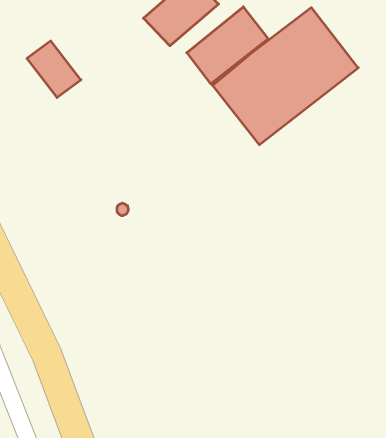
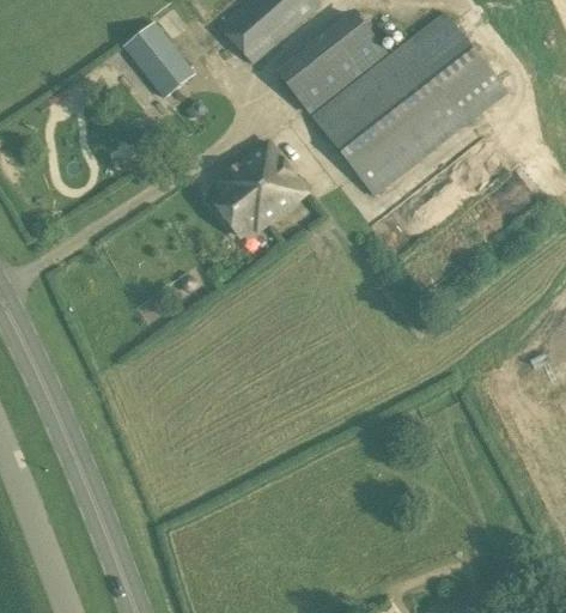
building: [27,41,81,98] -> [123,22,196,98]
building: none -> [209,142,306,235]

